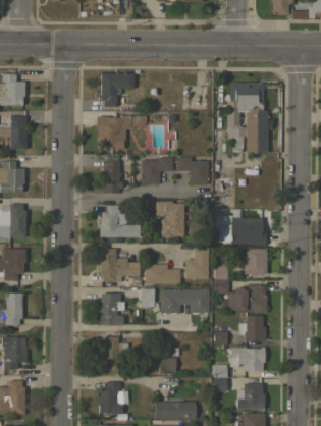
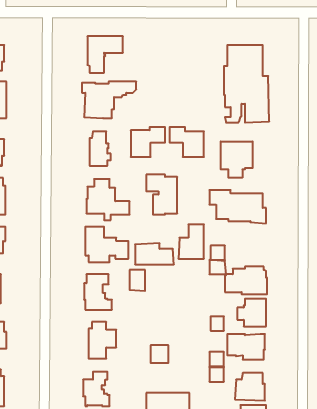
building: none -> [221,141,253,178]
building: [244,249,268,274] -> none
building: [161,289,210,314] -> none

